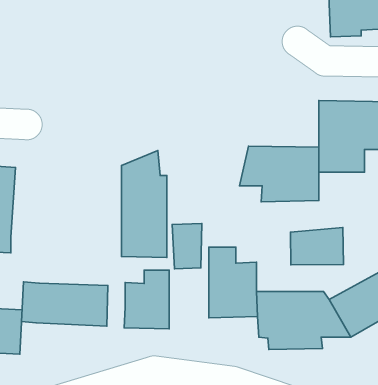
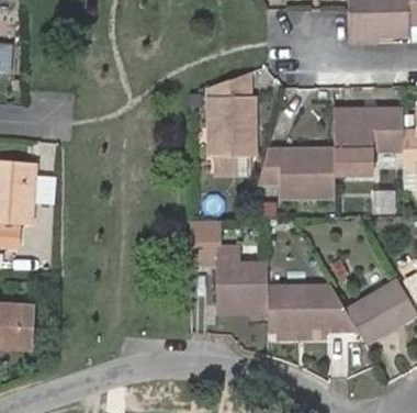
building: [121,151,167,258] -> [205,72,249,176]
building: [290,228,343,265] -> none
building: [124,270,169,329] -> none
building: [22,282,108,326] -> none

